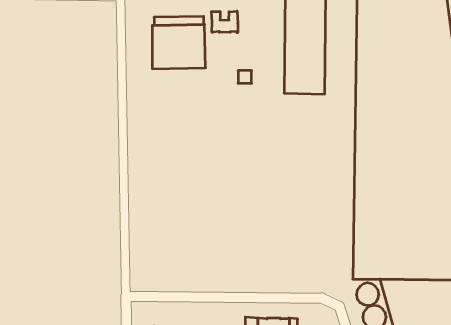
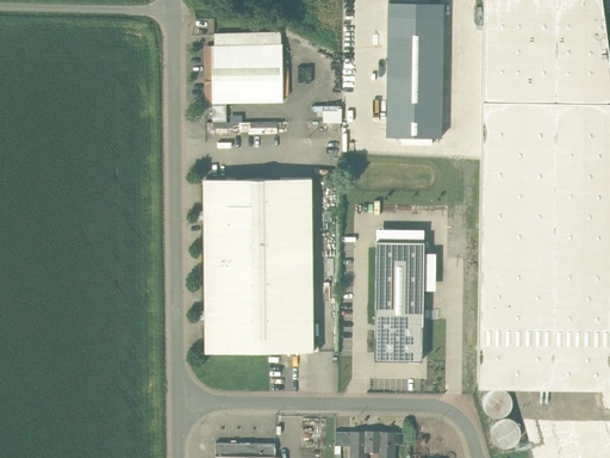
building: [211,11,238,33] -> none
building: none -> [206,180,313,354]
building: none -> [375,231,436,361]

